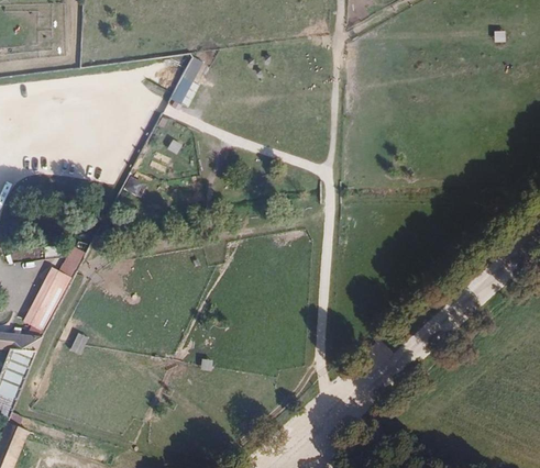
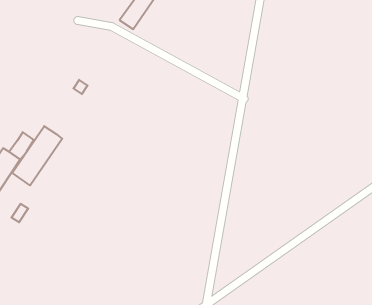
building: none -> [12,126,62,185]

